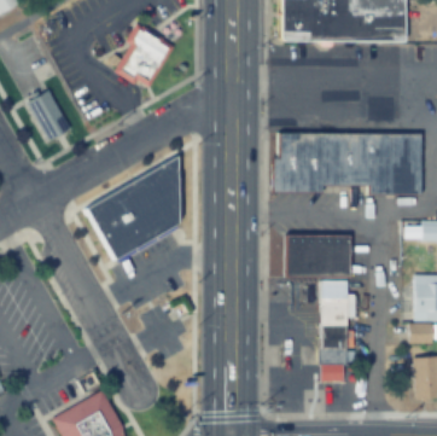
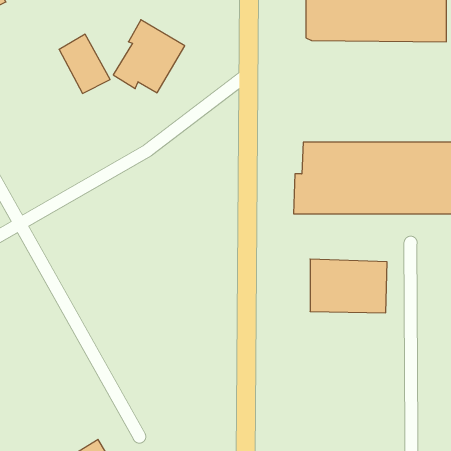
building: [25,87,70,139] -> [59,34,110,93]
building: [82,156,177,258] -> none
building: [321,285,357,377] -> none

